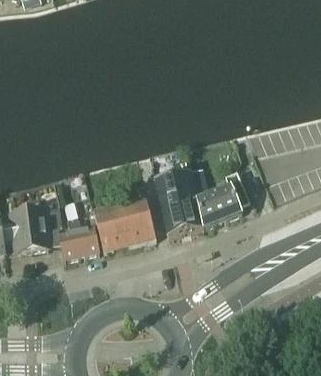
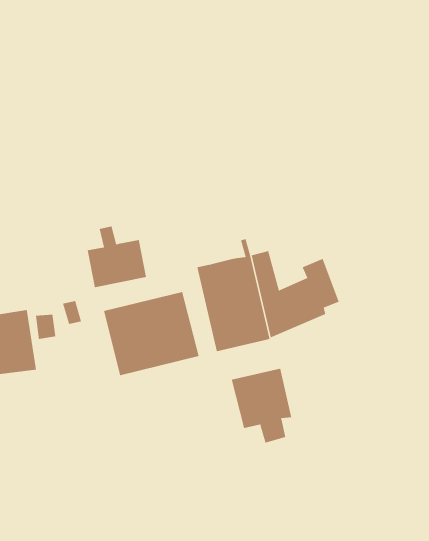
building: [59,219,99,260] -> [87,226,147,288]
building: none -> [231,368,292,443]

